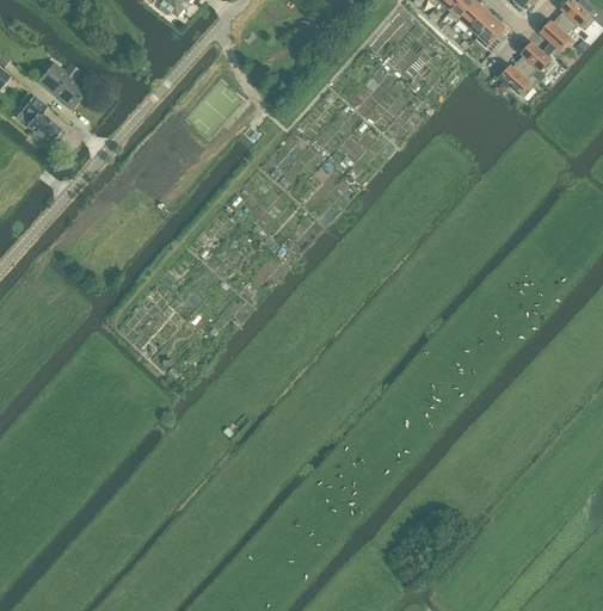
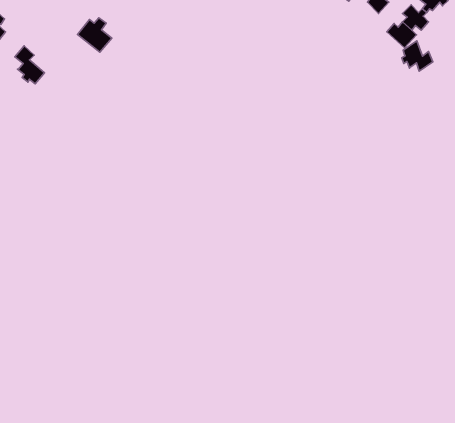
building: [41,61,85,105] -> [77,18,112,52]
building: none -> [402,41,433,71]

